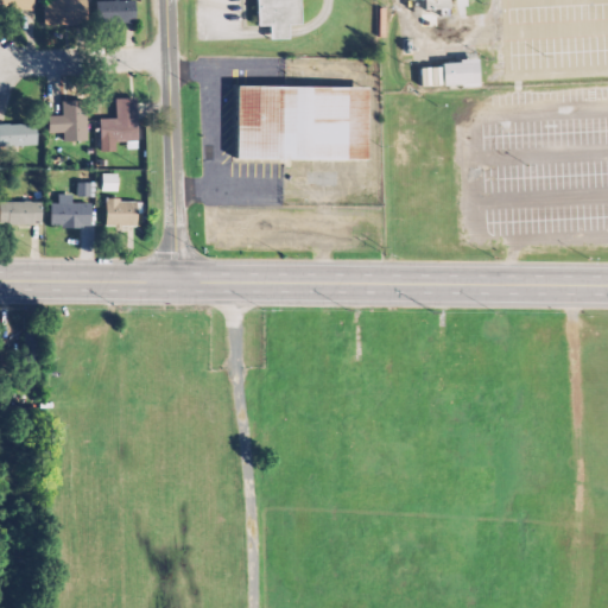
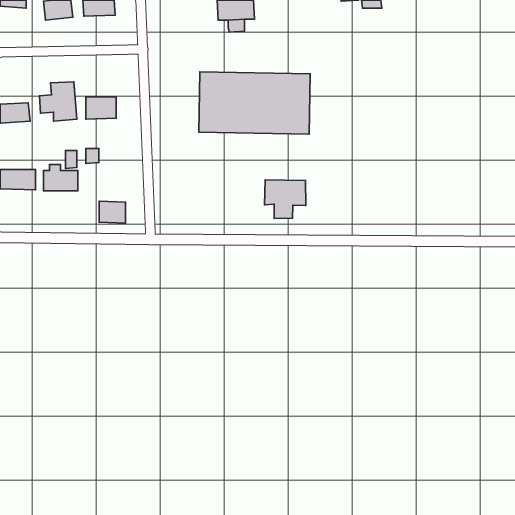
building: [441,63,477,88] -> none
building: [107,200,138,226] -> [99,201,125,223]
building: none -> [265,180,306,218]

